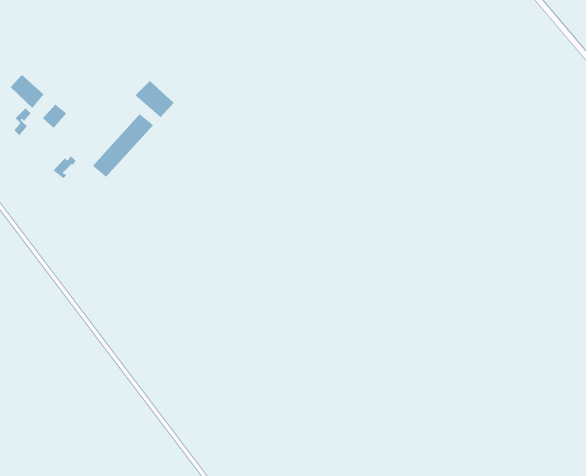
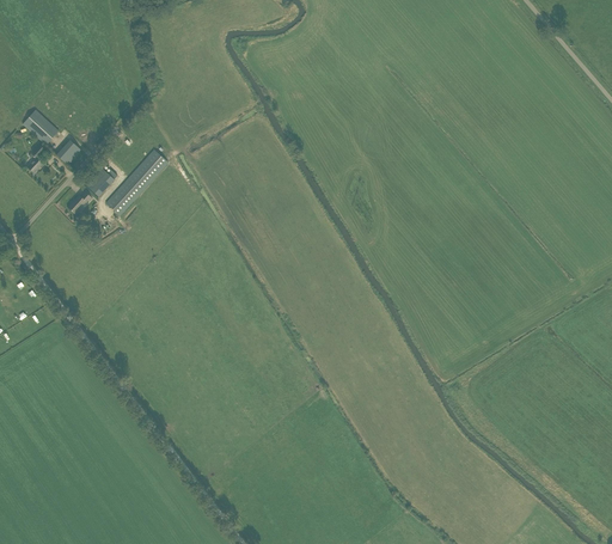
building: [135,80,174,118] -> none

